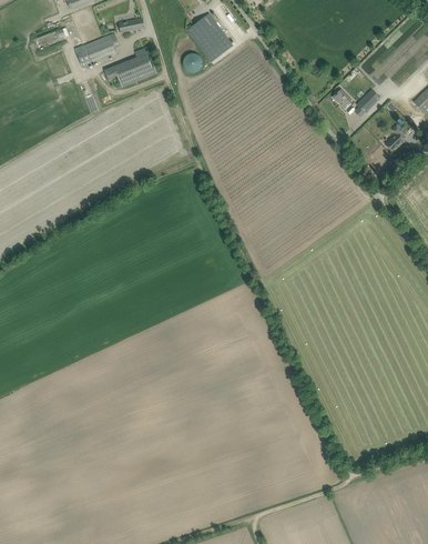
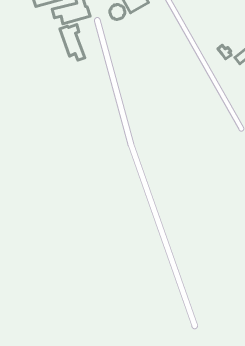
building: none -> [60,25,85,60]

